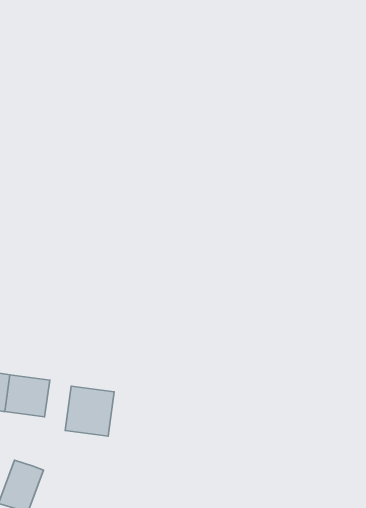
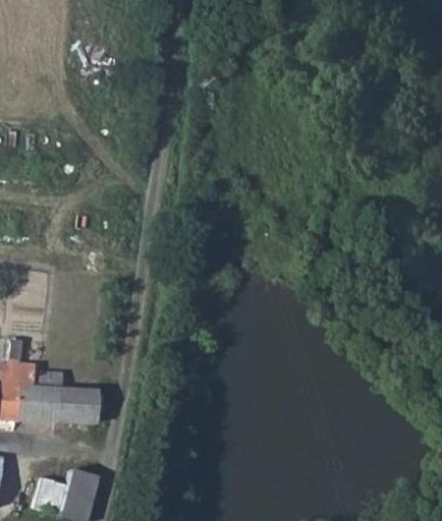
building: [65,386,114,436] -> none

